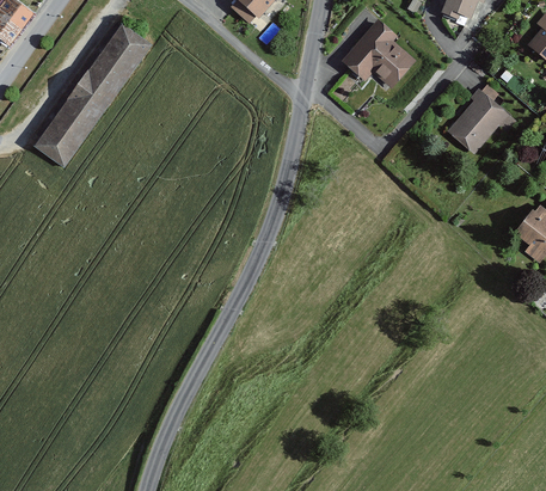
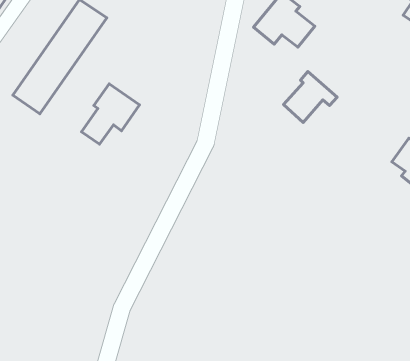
building: [449,86,517,151] -> [283,72,337,122]
building: none -> [82,84,140,144]

